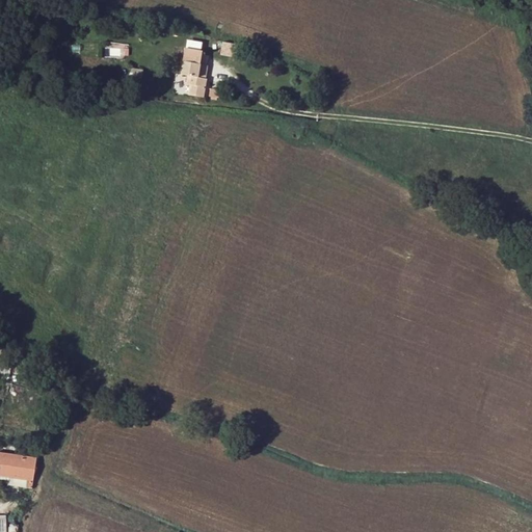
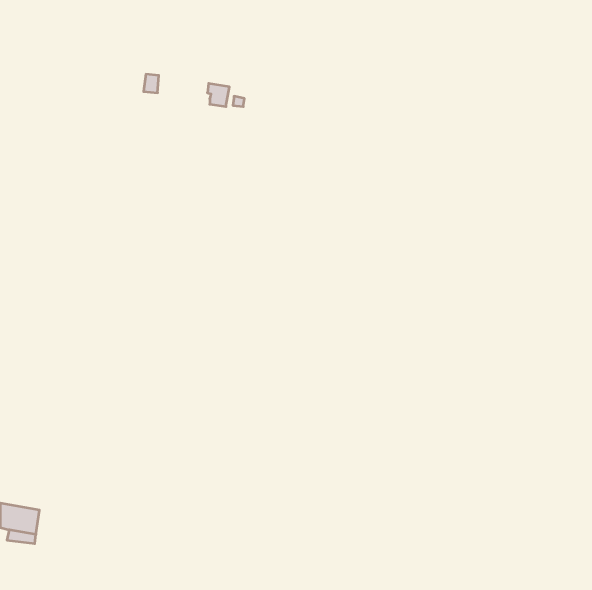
building: [179,47,208,78] -> none

